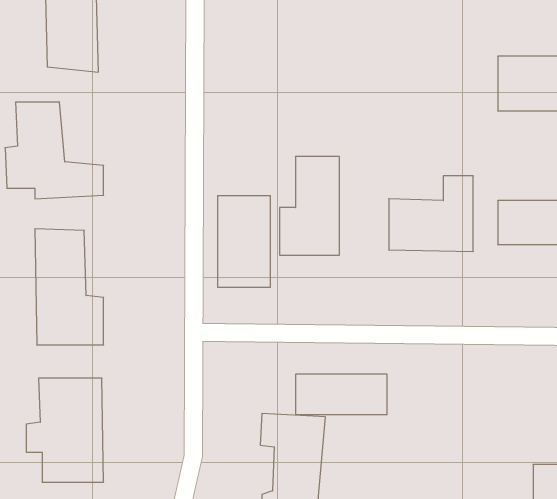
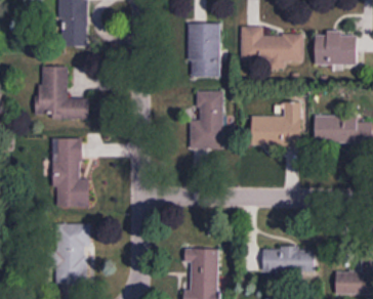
building: none -> [243,30,306,69]
building: [218,196,270,287] -> [192,26,222,79]
building: [296,374,387,415] -> [264,250,318,273]

